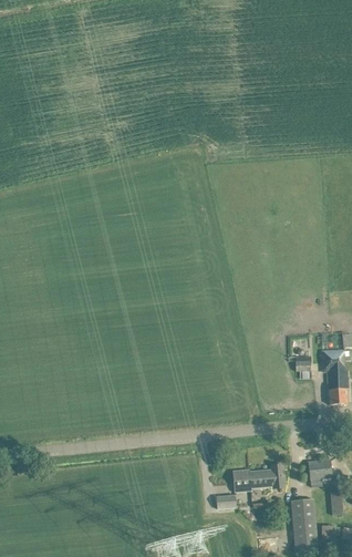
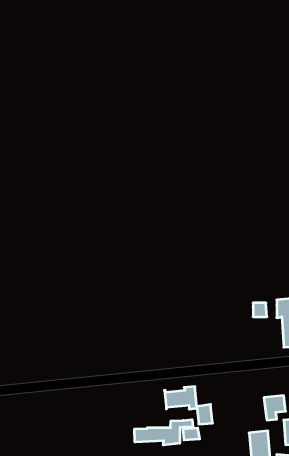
building: [247,464,283,489] -> [164,387,197,409]
building: none -> [135,420,193,445]

